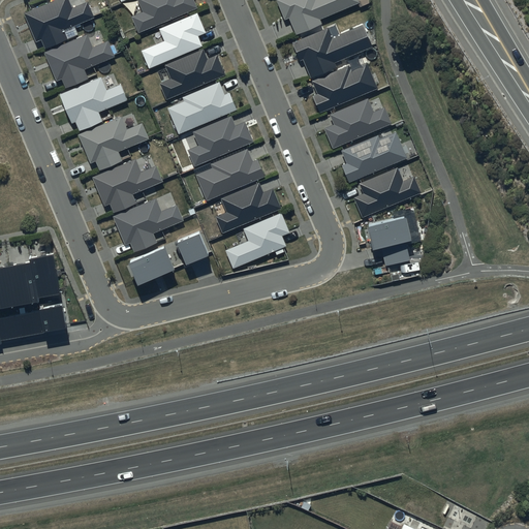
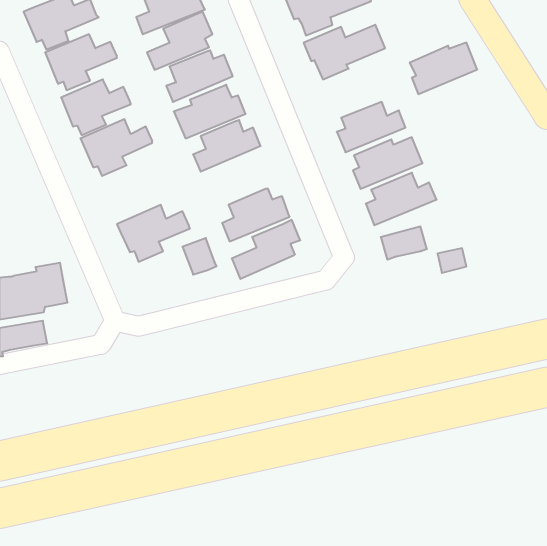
building: [311,61,376,111] -> [410,43,477,94]
building: [196,147,264,199] -> none
building: [91,157,161,212] -> none
building: [381,242,409,266] -> [437,248,466,273]
building: [127,243,175,285] -> none
building: [41,305,70,331] -> none

